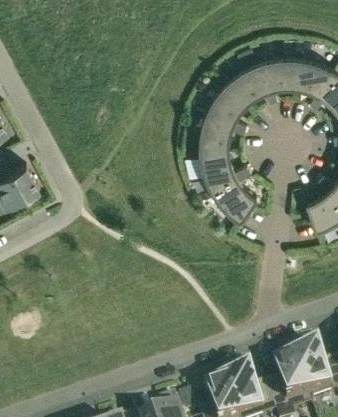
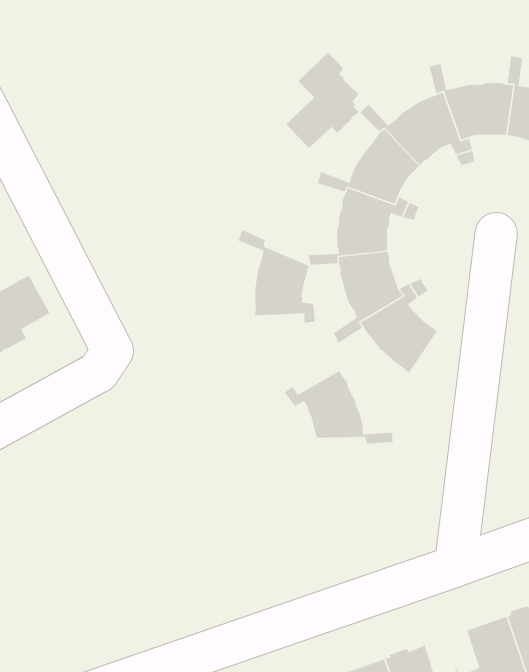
building: none -> [285,52,359,149]
building: none -> [237,229,316,324]
building: none -> [284,370,394,445]

